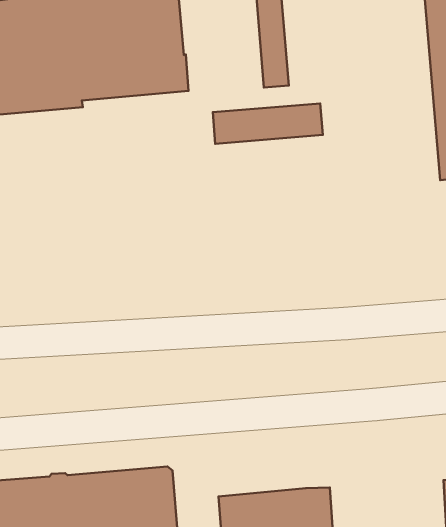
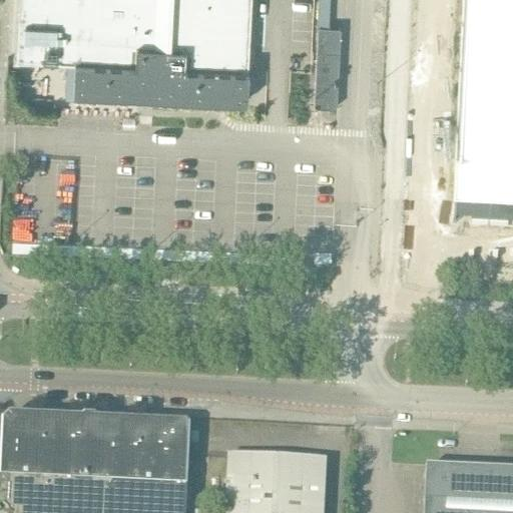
building: [213,103,323,144] -> none

